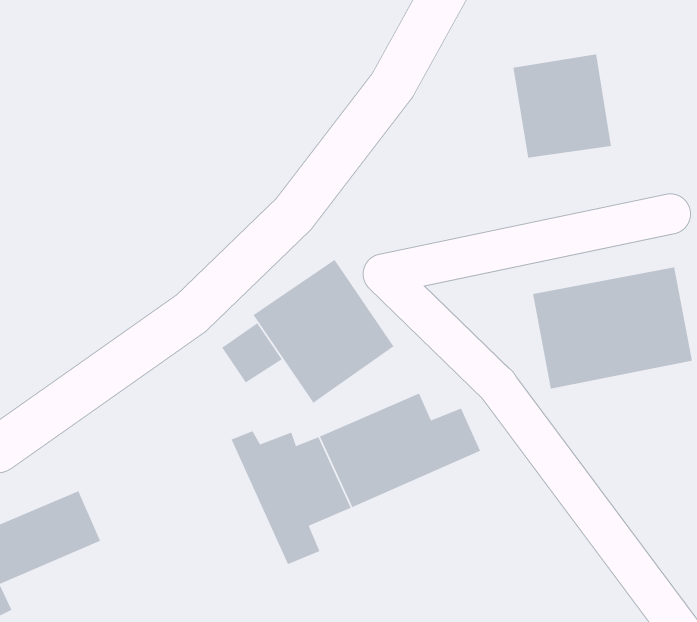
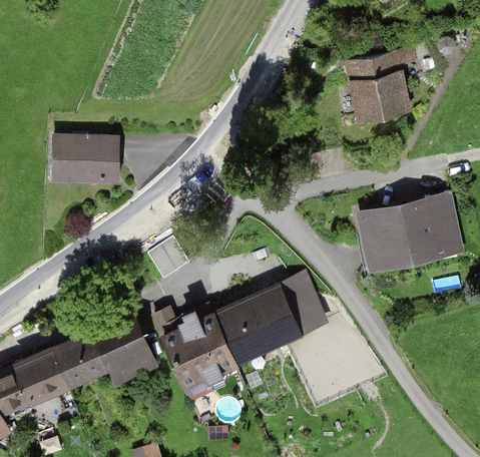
building: none -> [53,133,125,185]
building: [252,259,394,404] -> none
building: none -> [54,312,156,381]

